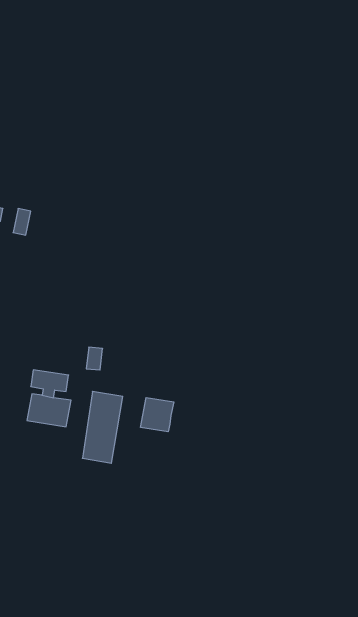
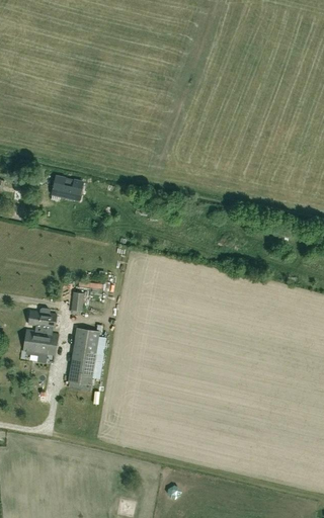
building: none -> [52,177,83,201]
building: [141,398,174,432] -> none

